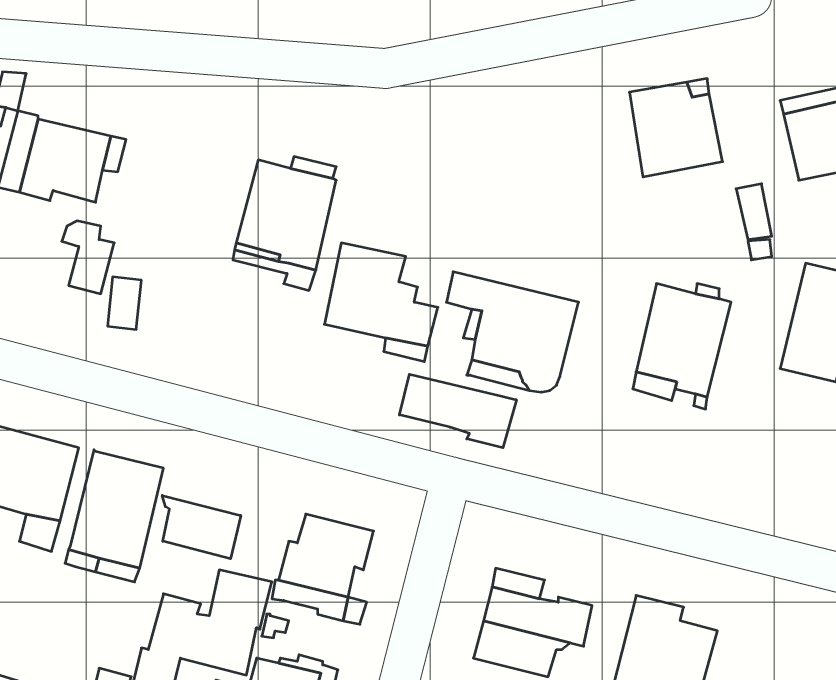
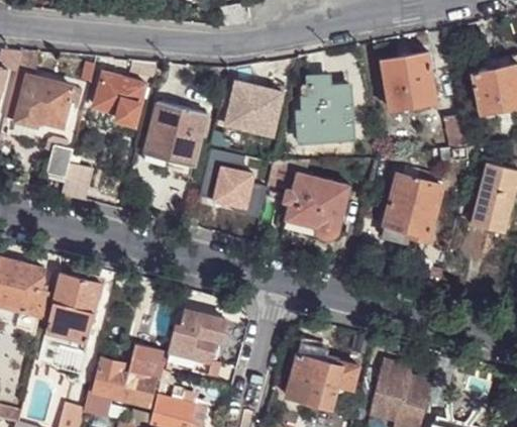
building: none -> [93,70,144,122]
building: none -> [297,76,351,141]
building: none -> [215,79,281,134]
building: [399,374,516,448] -> none
building: [162,495,241,559] -> none

